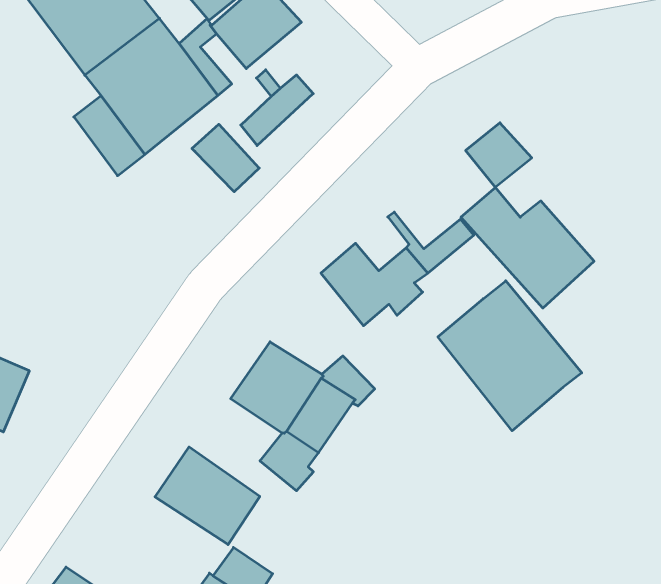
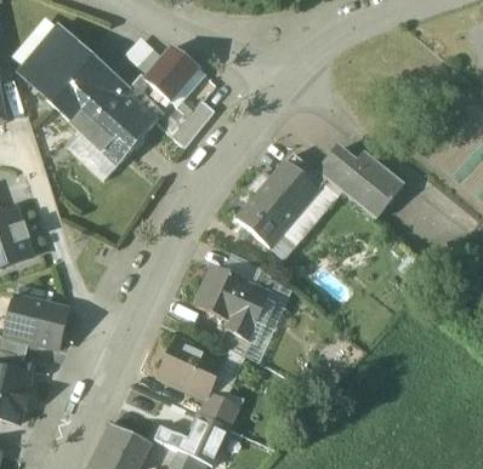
building: [466,123,532,187] -> [275,153,317,193]
building: [192,124,259,192] -> none
building: none -> [246,170,288,211]
building: [438,281,582,431] -> none

